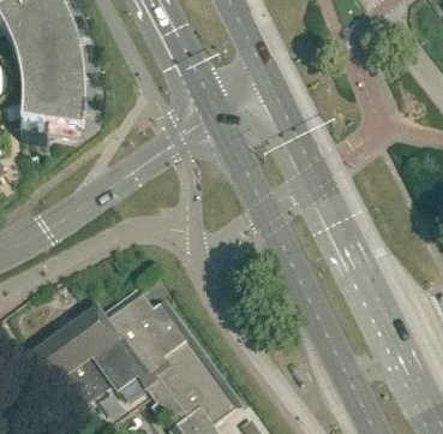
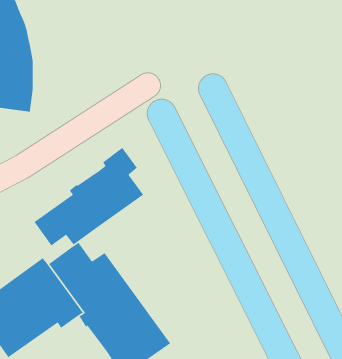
building: none -> [34,147,144,246]

